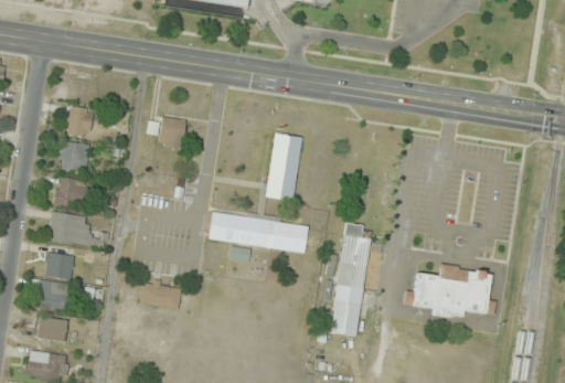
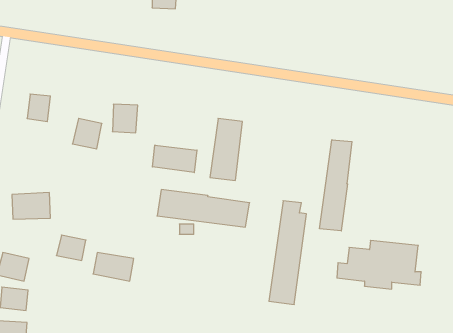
building: [57,140,89,173] -> [72,118,102,149]
building: none -> [320,140,352,231]
building: none -> [152,145,197,173]
building: [54,177,93,211] -> none
building: [43,252,75,279] -> [56,235,86,260]

